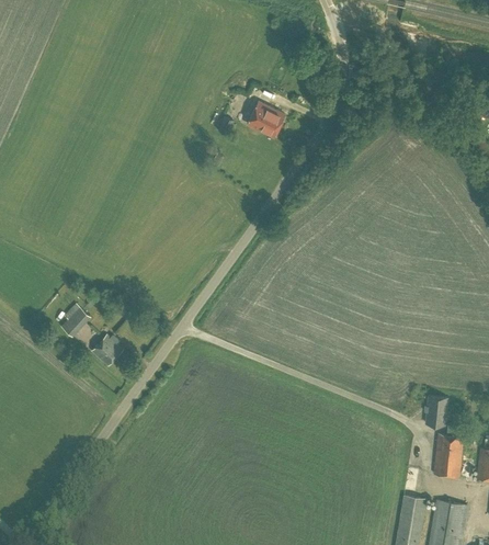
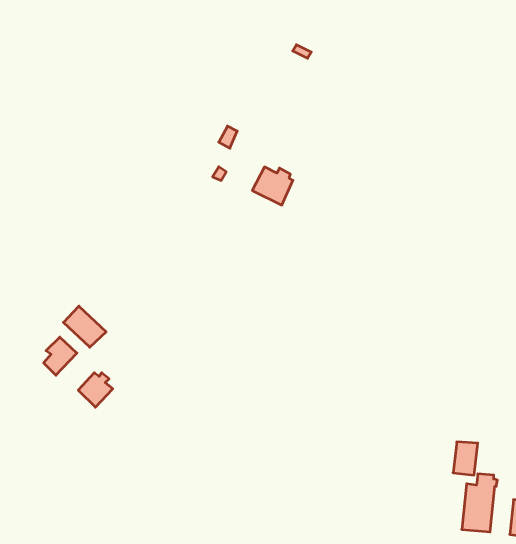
building: [248,103,284,137] -> [252,167,293,205]
building: none -> [63,306,106,347]

